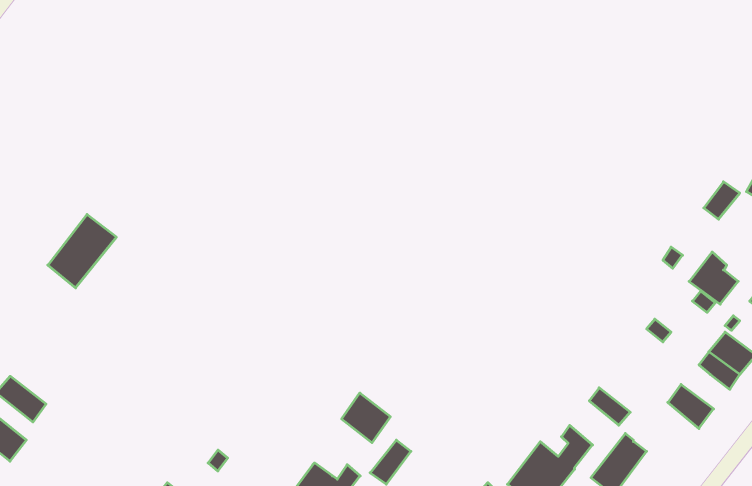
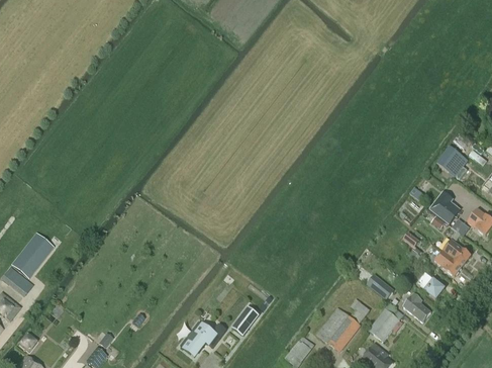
building: [48,214,116,288] -> [11,233,54,278]
building: [342,393,390,443] -> none
building: none -> [403,294,431,323]

